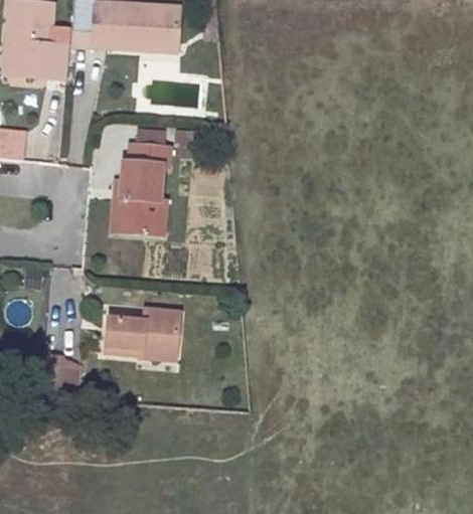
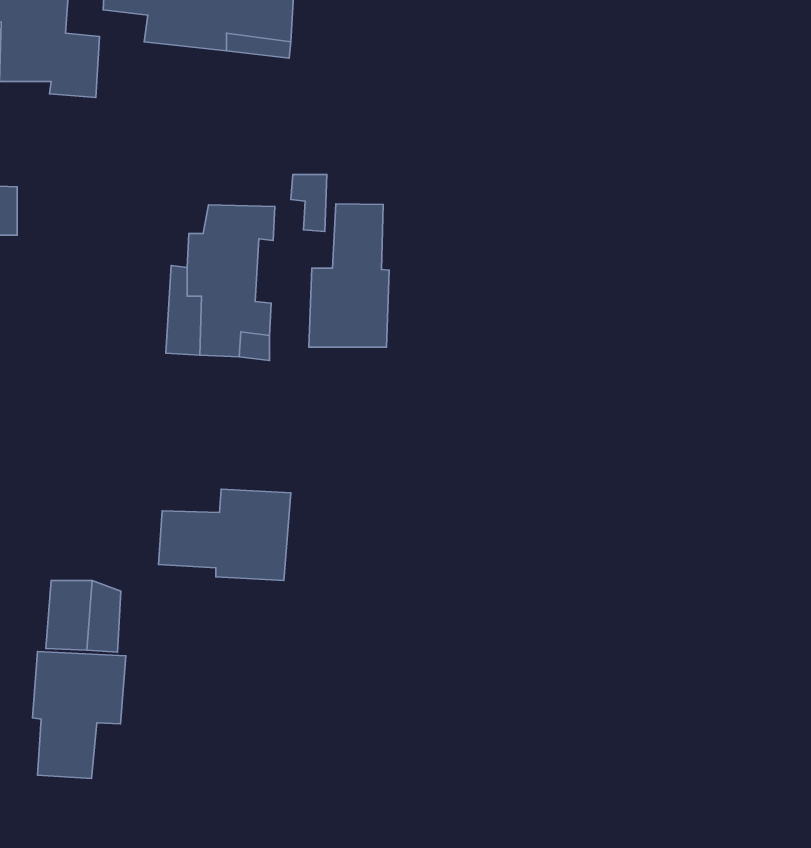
building: none -> [309,204,389,347]
building: none -> [32,651,126,779]

